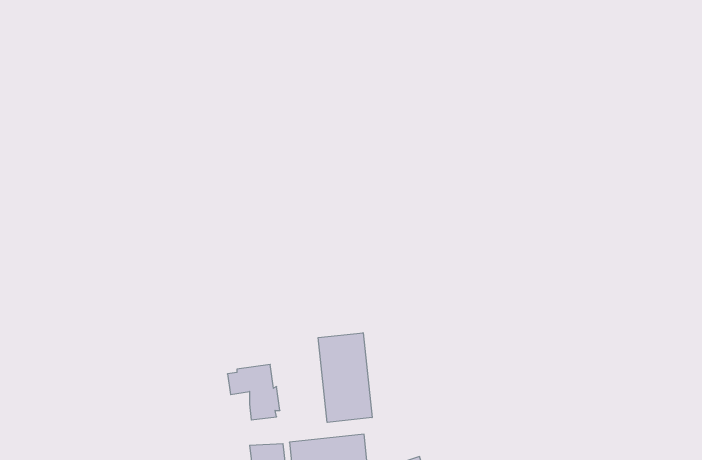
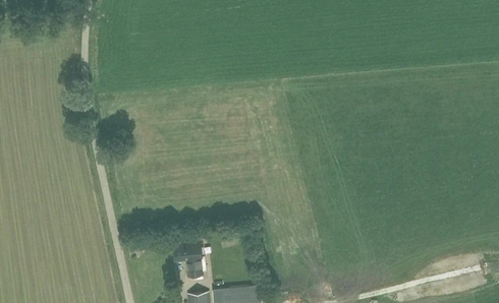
building: [318,333,372,422] -> none

